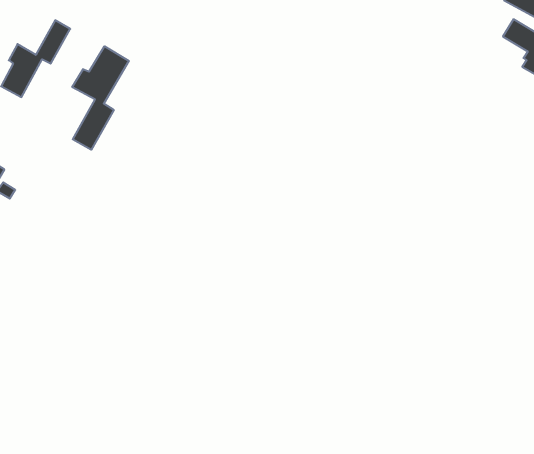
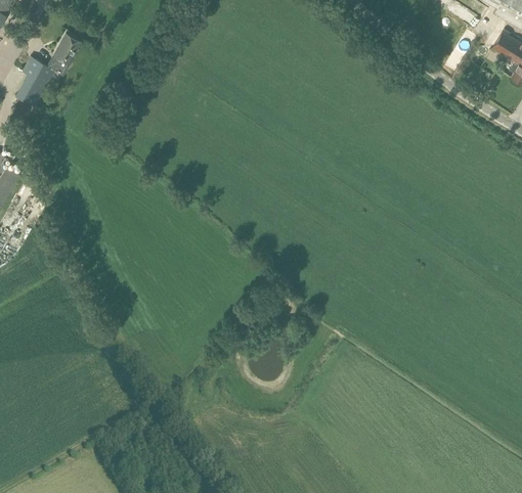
building: [72,46,129,150] -> none

